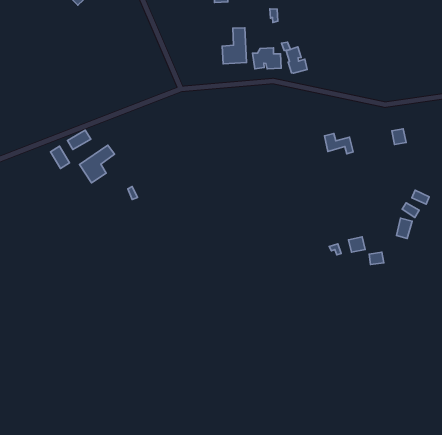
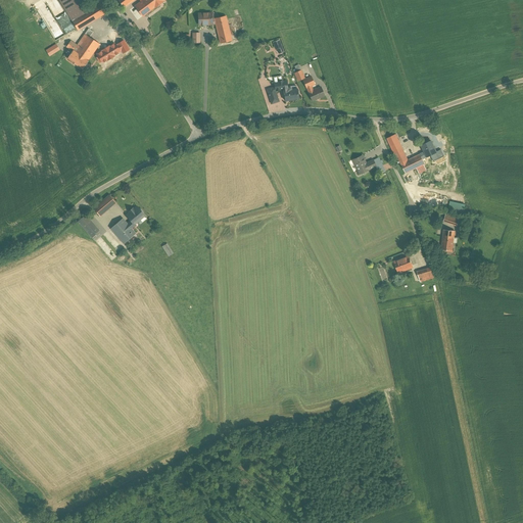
building: [222,28,247,64] -> none
building: none -> [387,134,427,174]

